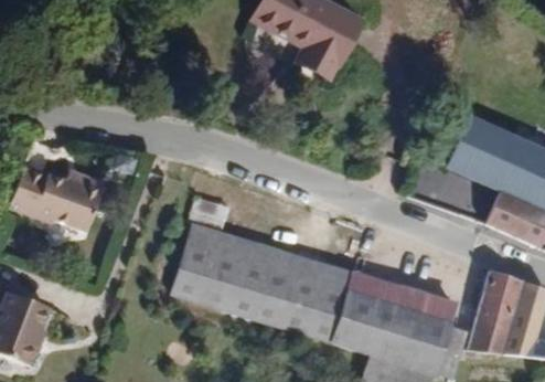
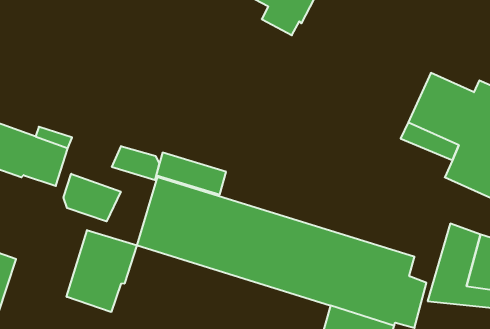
building: none -> [112,146,159,180]
building: none -> [64,174,121,221]
building: none -> [67,230,137,312]

